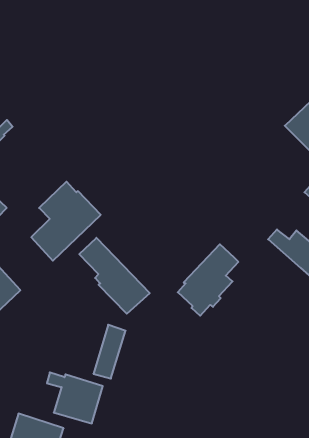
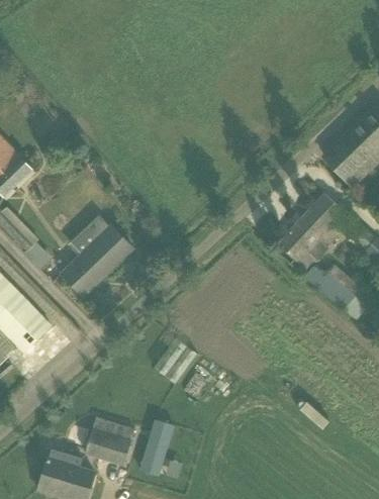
building: [79,238,150,314] -> none
building: [178,244,238,316] -> [280,195,343,269]
building: [93,325,126,379] -> [135,419,169,475]

